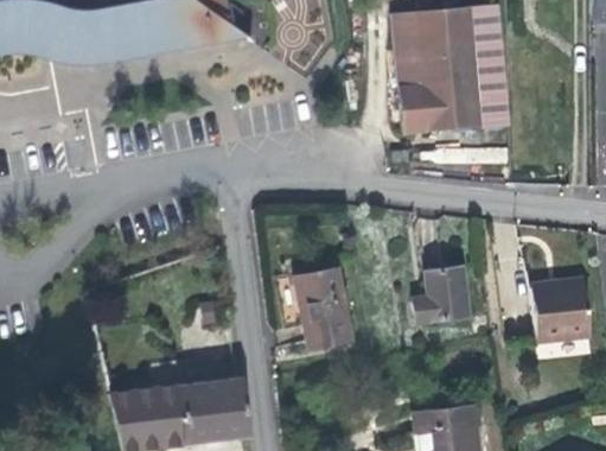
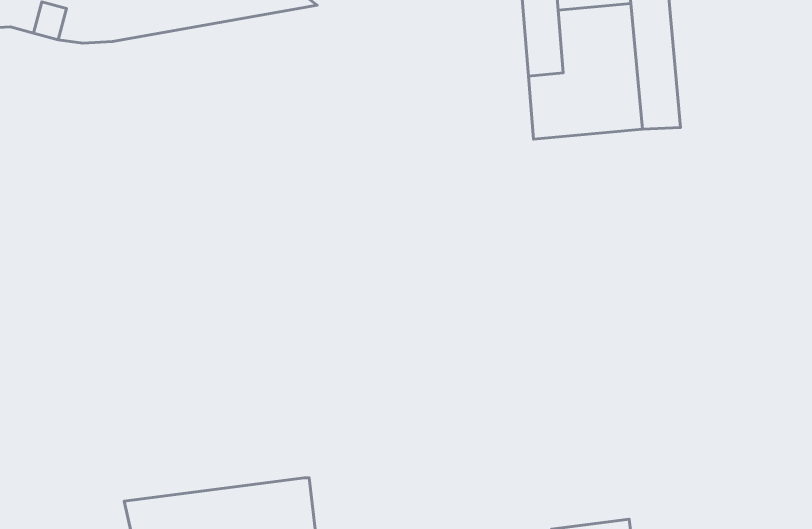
building: [414,265,470,322] -> none
building: [295,267,353,347] -> none
building: [532,278,591,342] -> none

